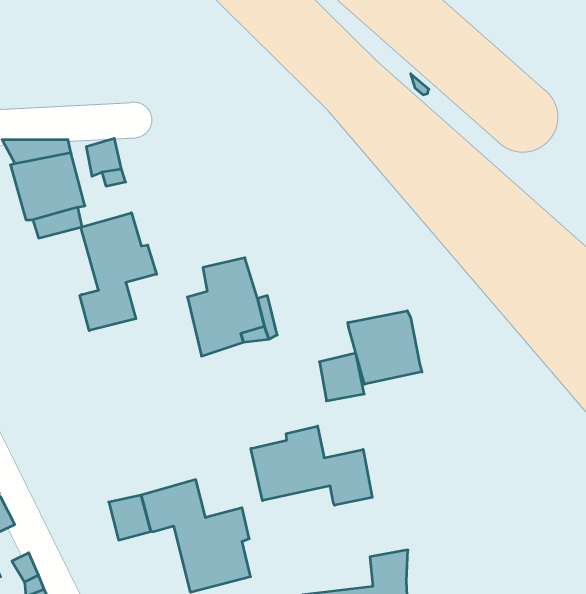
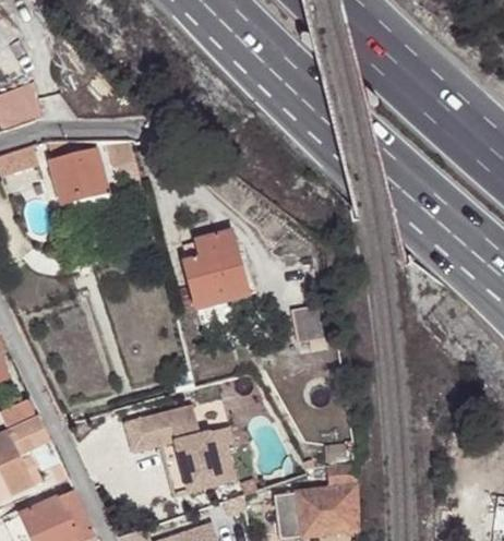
building: [80,213,157,331] -> none
building: [348,311,422,384] -> none
building: [251,426,372,505] -> none

